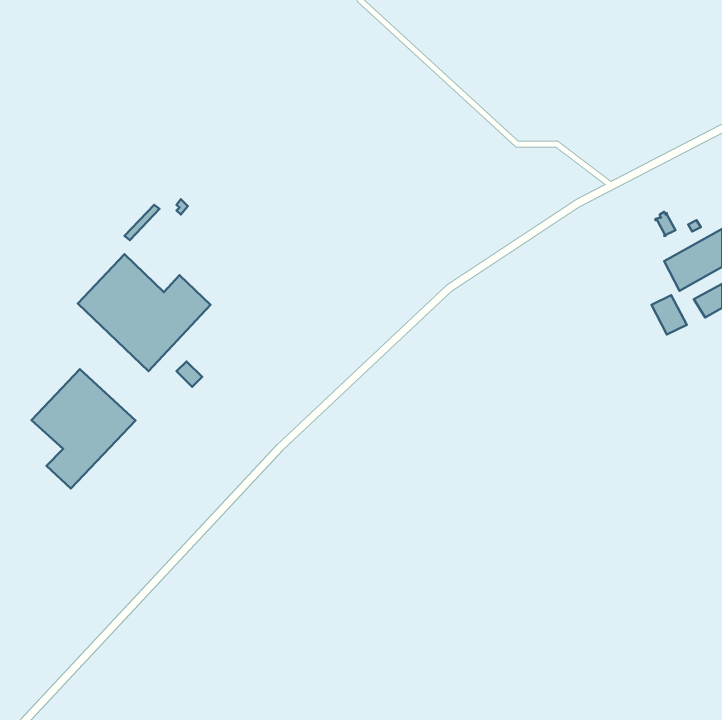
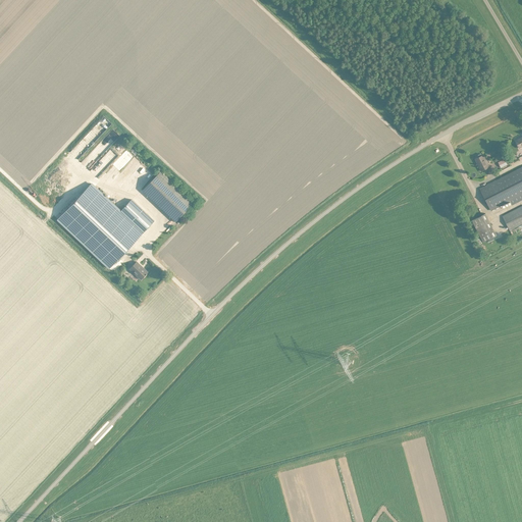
building: none -> [141,172,192,222]
building: [32,369,135,489] -> none

